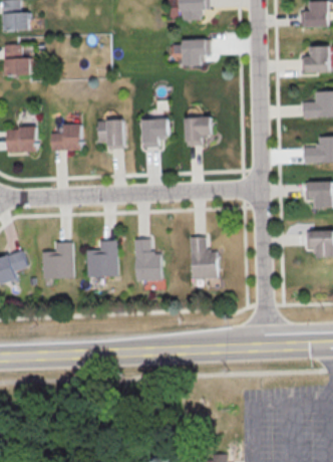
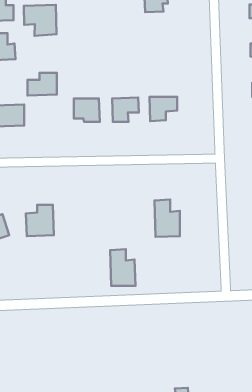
building: none -> [24,5,56,36]
building: [181,38,204,65] -> none
building: [49,125,83,151] -> [27,73,57,95]
building: [133,238,162,280] -> [110,249,135,286]
building: [85,240,118,277] -> none

